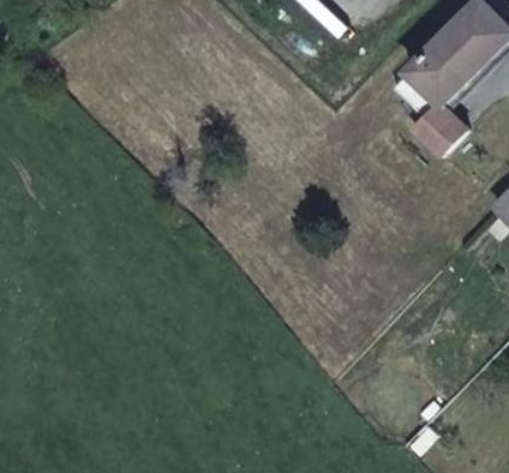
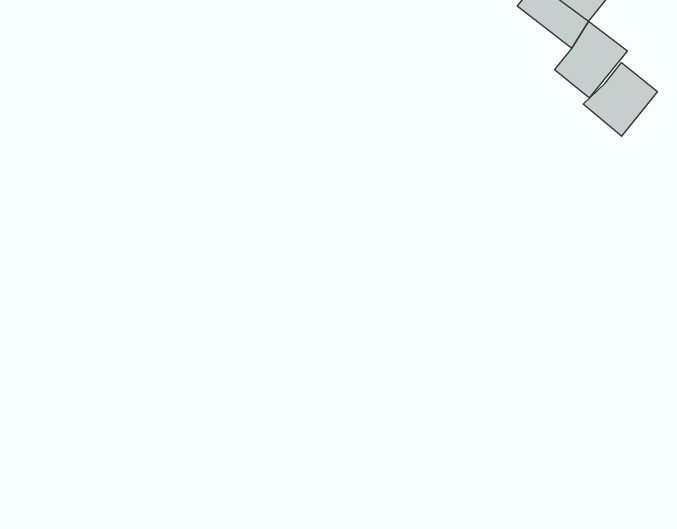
building: none -> [583,63,657,136]

